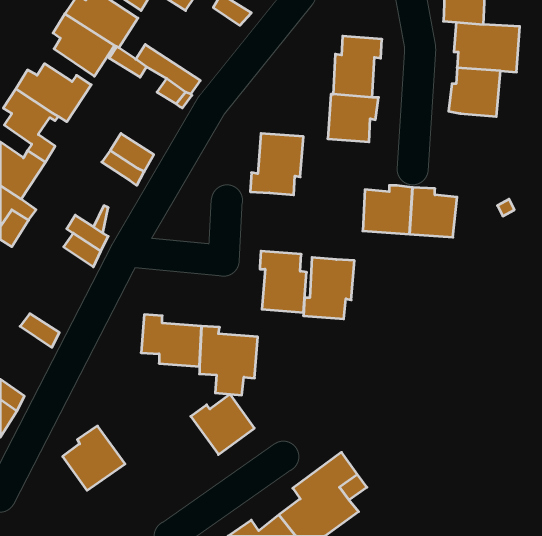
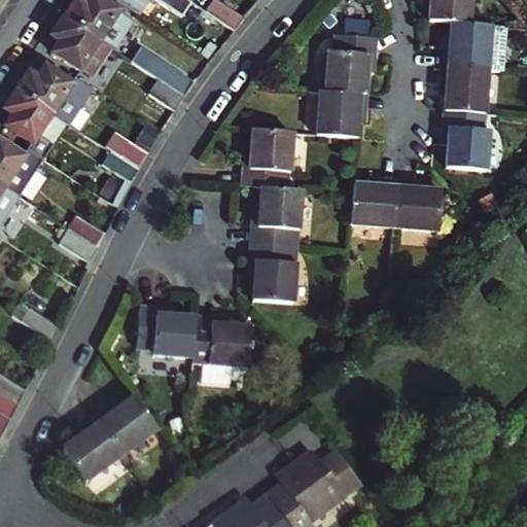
building: none -> [447,110,491,170]
building: [303,257,354,319] -> [253,187,303,247]
building: [191,394,254,455] -> [95,392,156,451]

